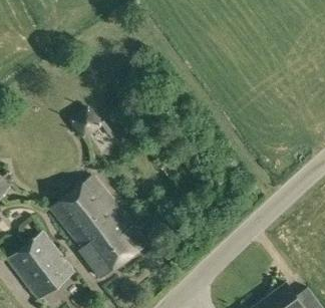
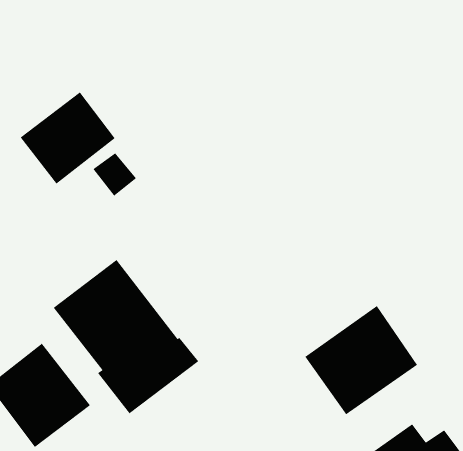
building: none -> [20,92,115,184]
building: none -> [305,305,418,415]

